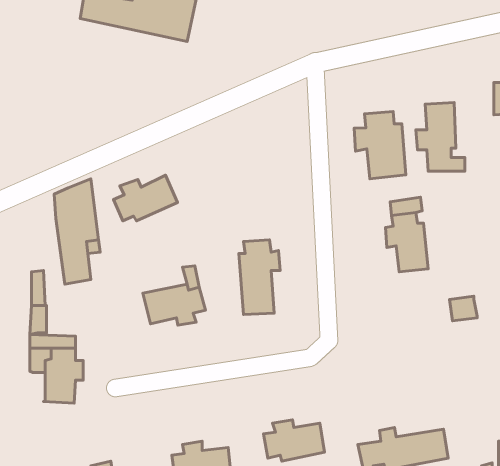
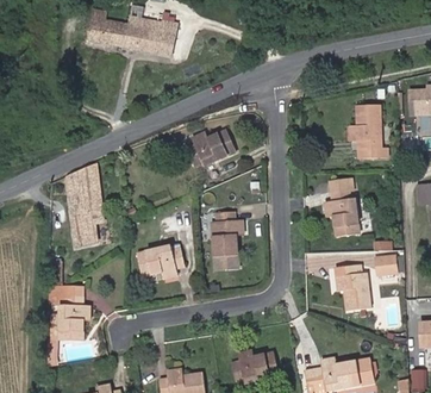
building: [354,111,406,179] -> none
building: [114,175,178,221] -> [186,129,236,164]
building: none -> [335,263,370,310]

